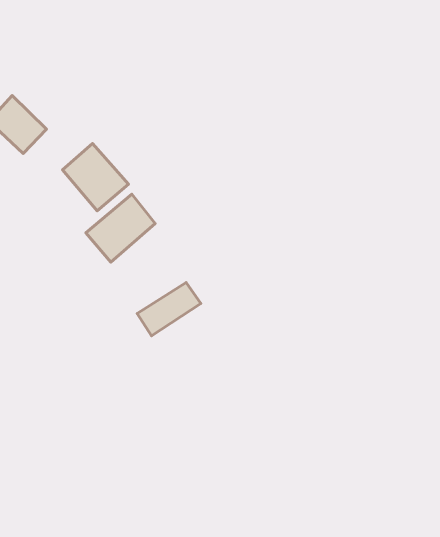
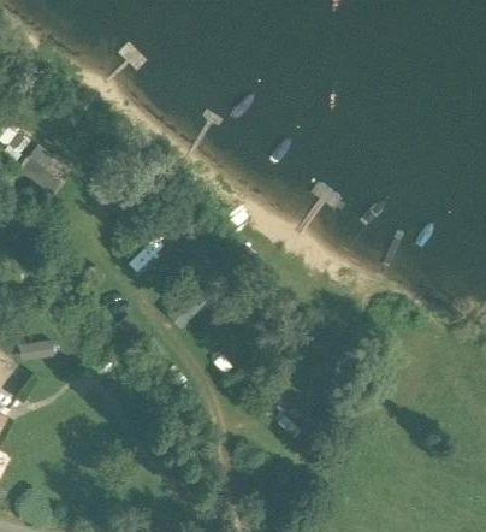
building: [62,144,129,211] -> none

